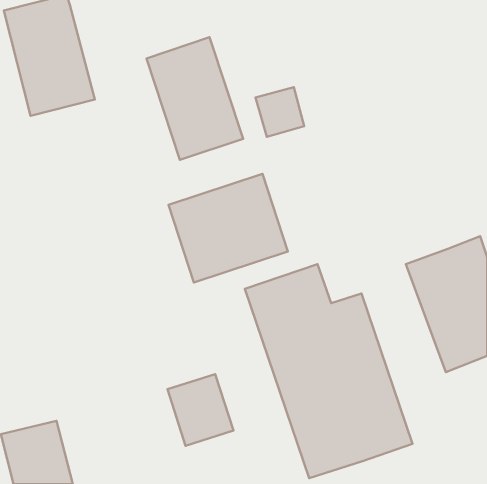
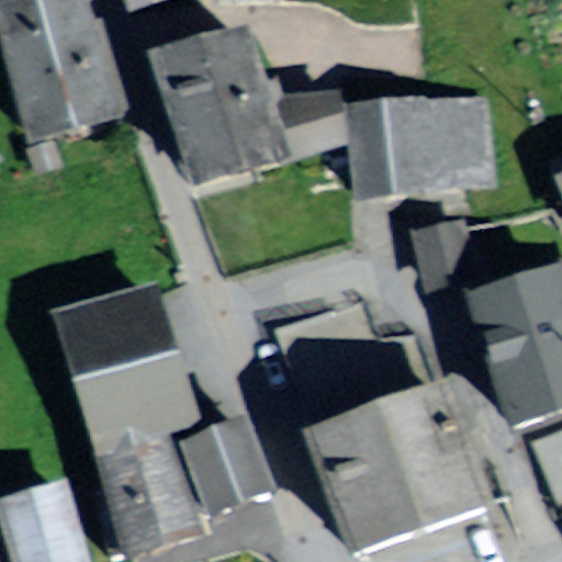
building: none -> [363,100,485,193]
building: [168,174,288,283] -> none
building: none -> [59,297,188,548]

